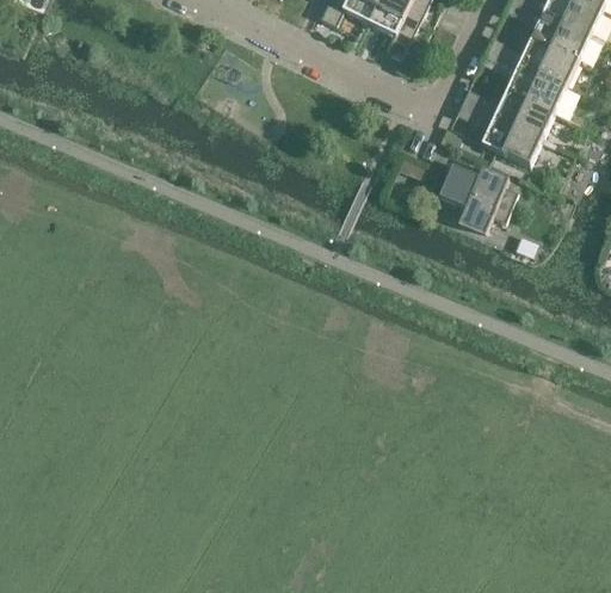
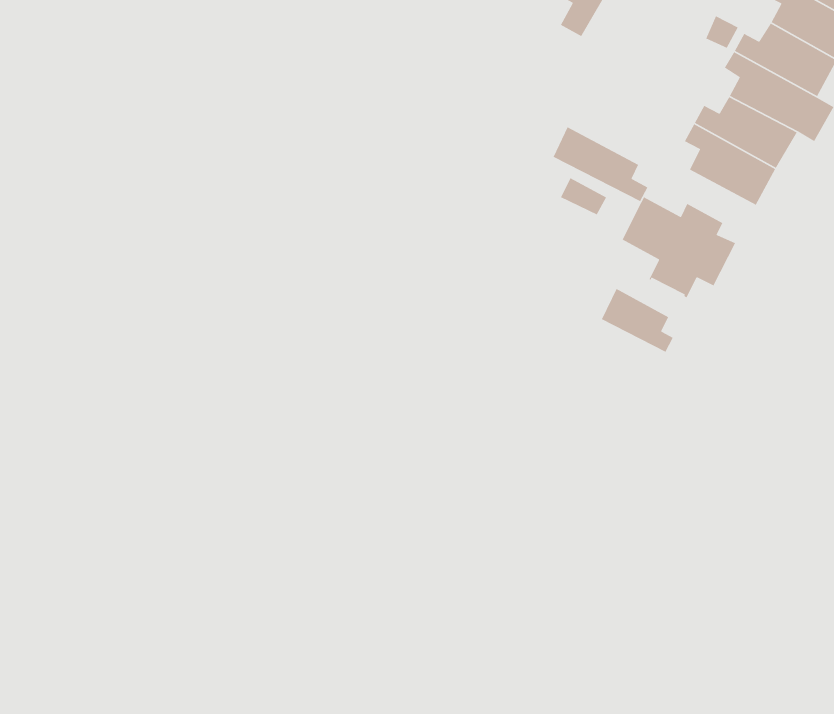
building: none -> [552,126,648,202]
building: none -> [601,288,674,353]

